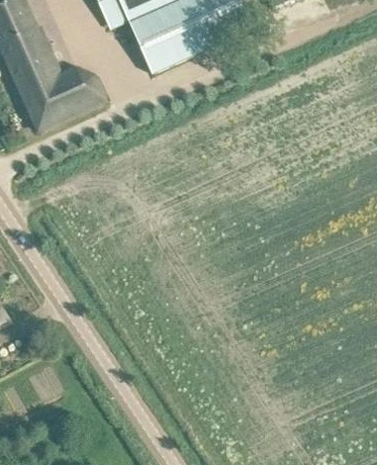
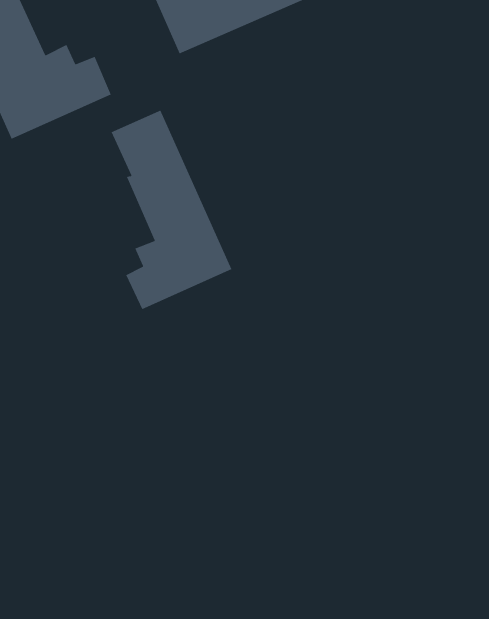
building: none -> [110,110,233,310]

